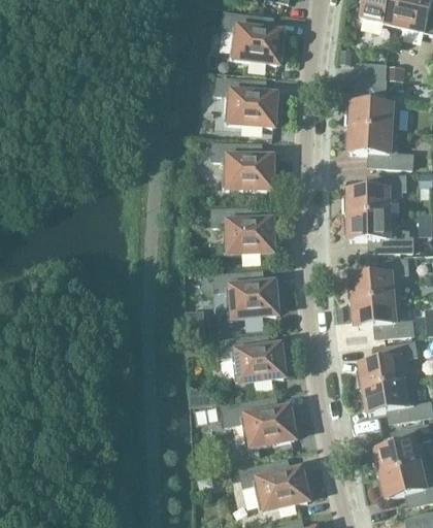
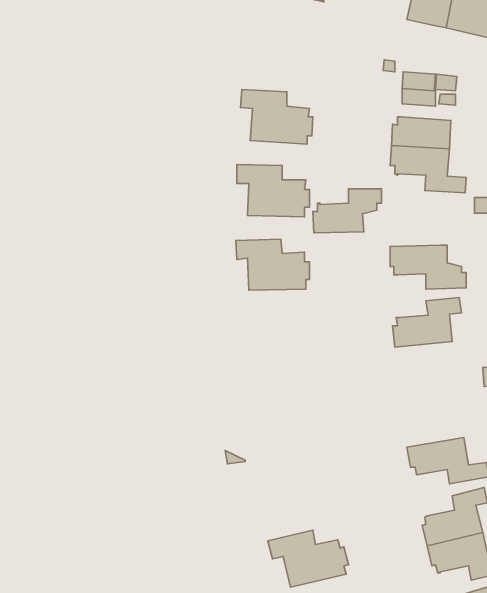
building: [224,13,286,64] -> none
building: [345,177,405,216] -> [313,189,382,233]
building: [214,272,280,319] -> none
building: [351,298,413,337] -> none
building: [221,336,288,384] -> none
building: [359,343,417,390] -> none
building: [222,400,297,449] -> none

